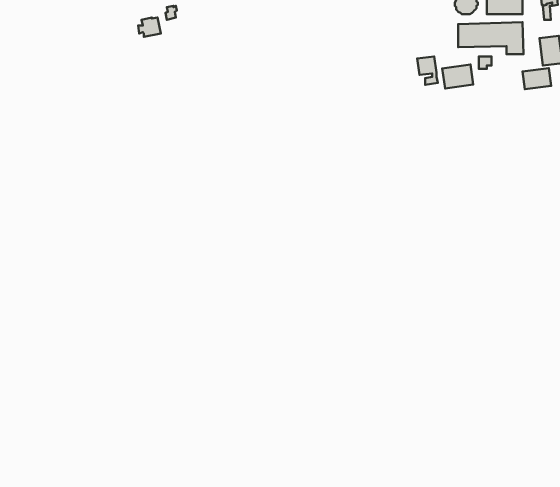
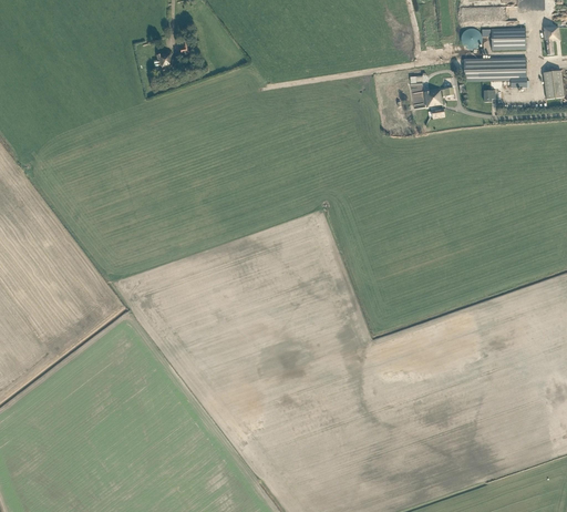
building: [442,65,473,88] -> none
building: [523,68,551,89] -> none

